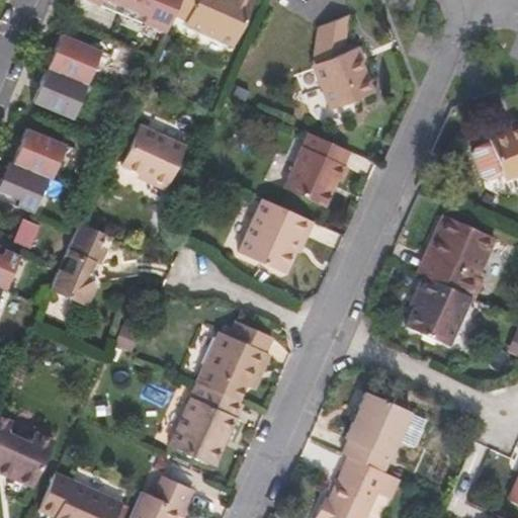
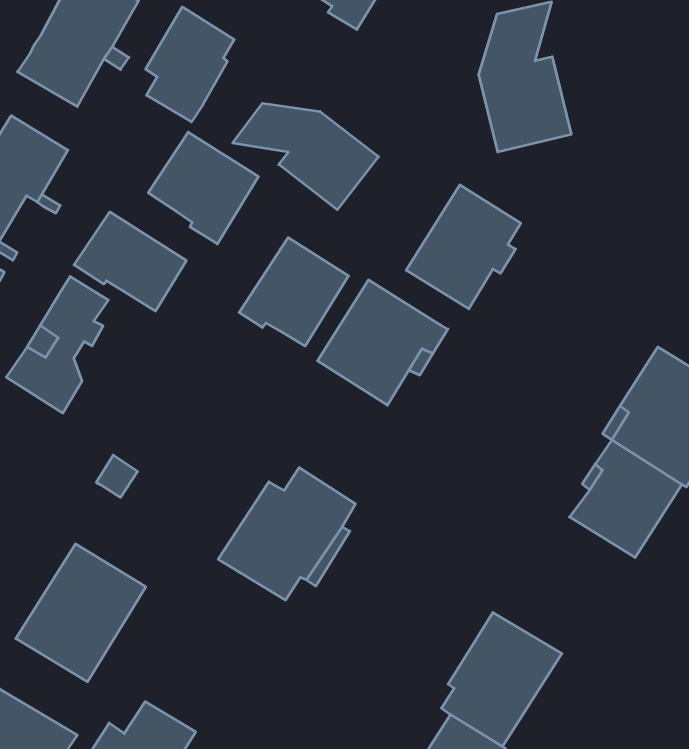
building: none -> [146,7,234,122]
building: none -> [233,103,379,210]
building: none -> [74,212,186,311]
building: none -> [239,238,349,346]
building: [168,382,243,465] -> [16,544,146,682]

